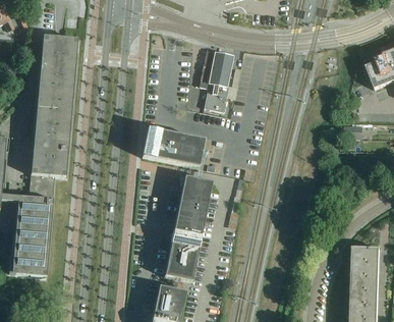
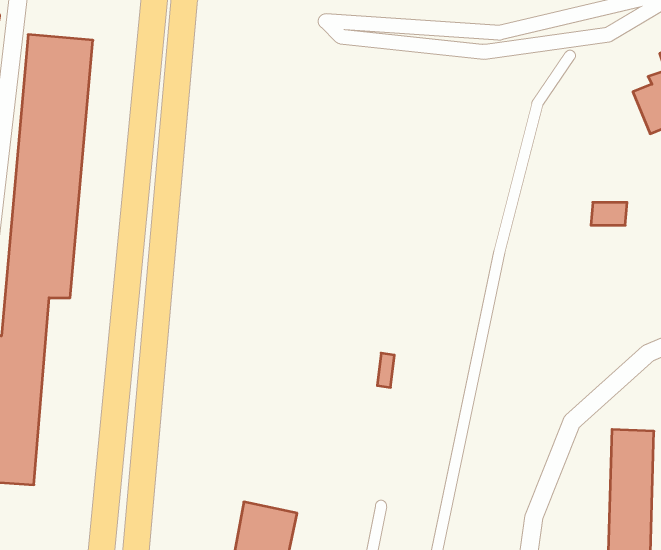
building: [199,50,232,111] -> none
building: [142,128,204,168] -> none
building: [164,176,212,281] -> none

